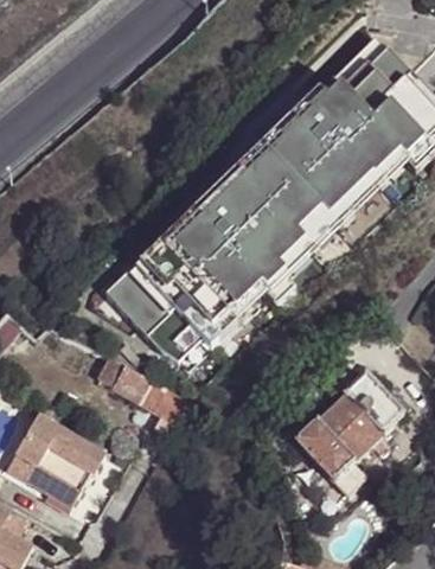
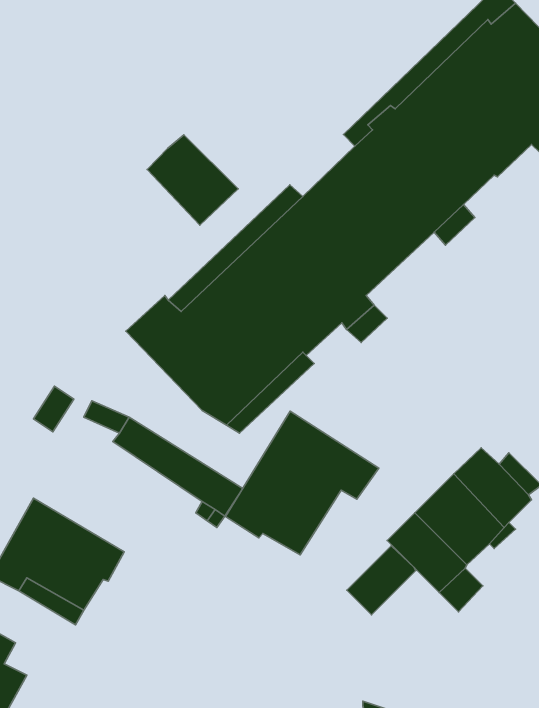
building: none -> [147,135,238,225]
building: none -> [226,411,379,555]
building: none -> [347,546,416,615]

